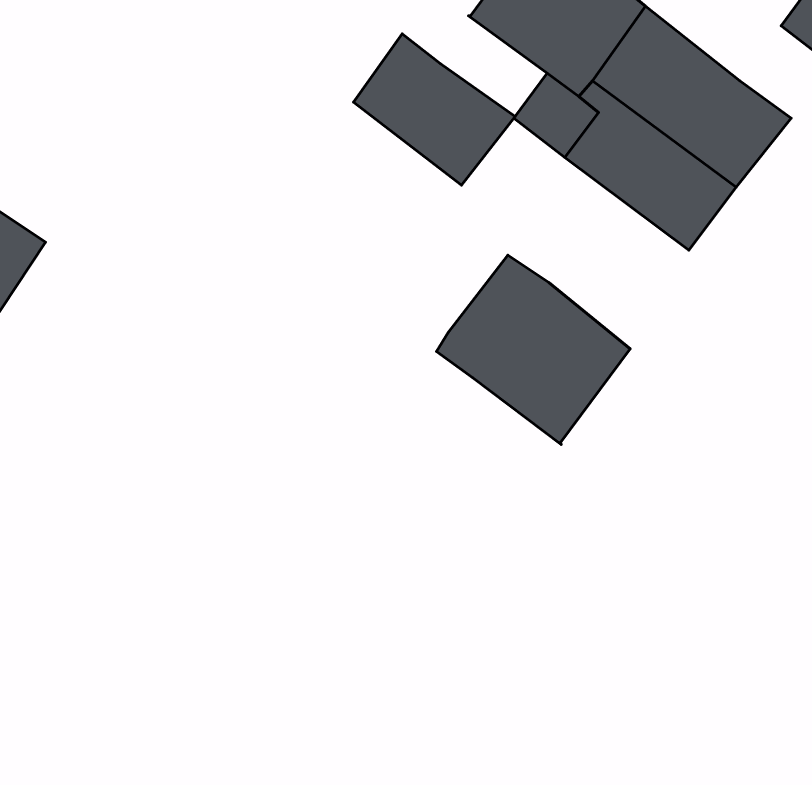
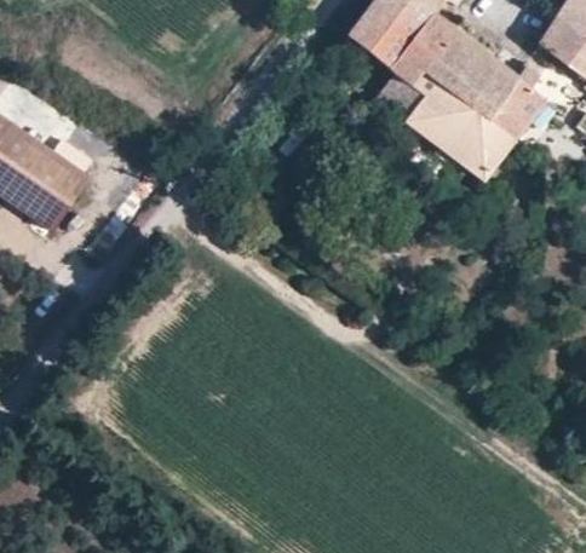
building: [354,34,515,185] -> none
building: [437,255,630,444] -> none

